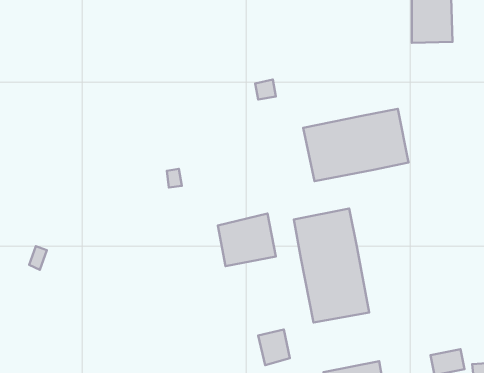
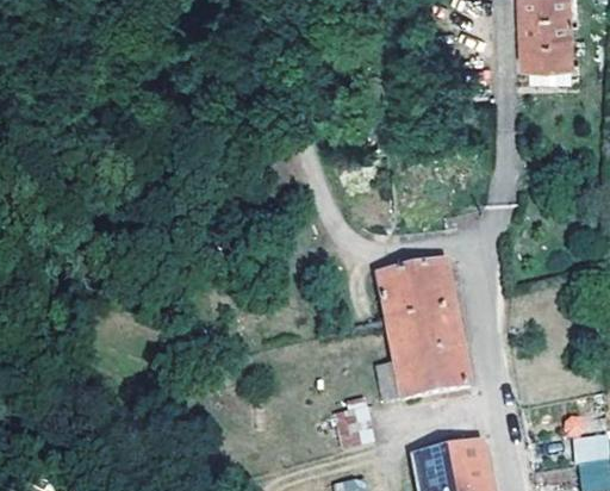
building: [303,109,408,181] -> none
building: [218,214,276,266] -> none

